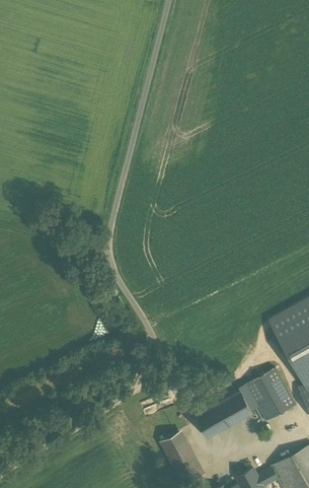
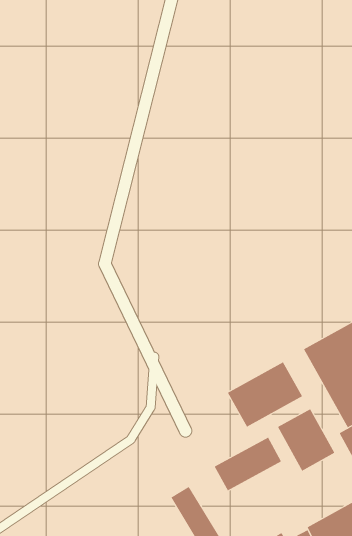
building: none -> [227,361,303,427]

